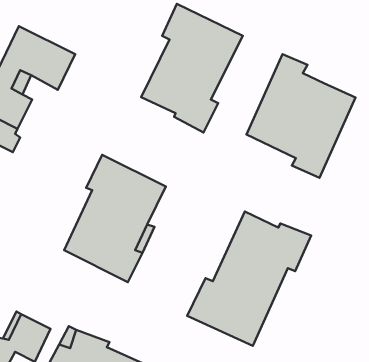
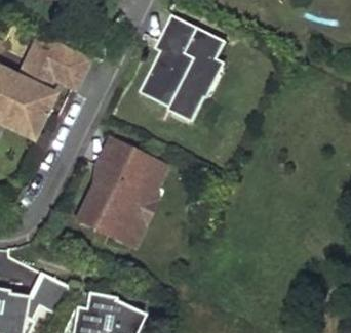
building: [247,54,355,178] -> none
building: [187,211,311,346] -> none

